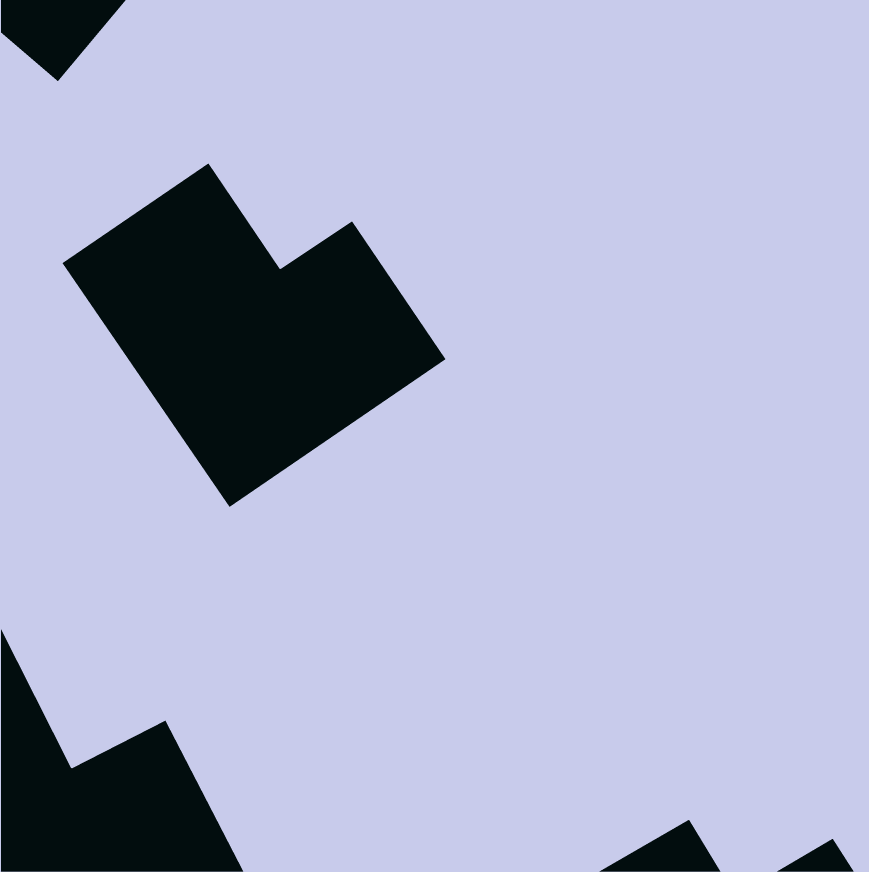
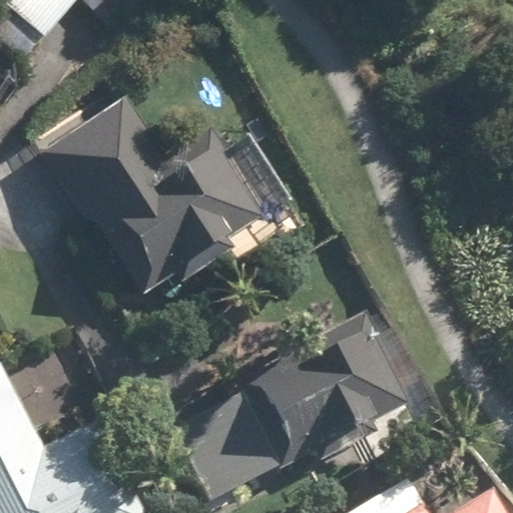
building: none -> [171,315,407,500]

